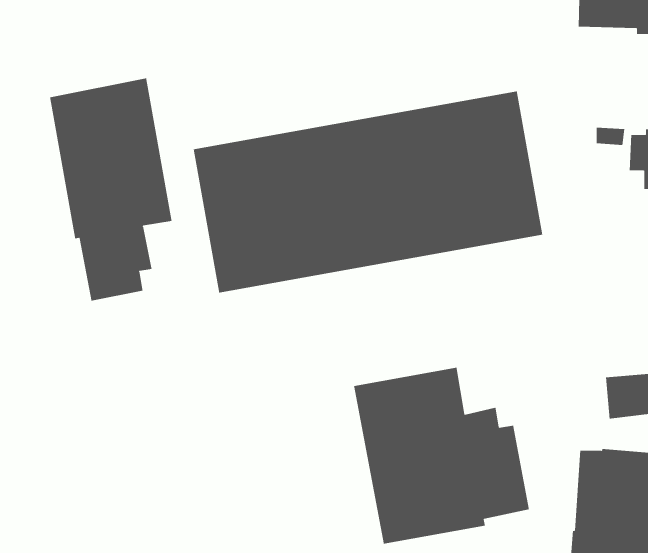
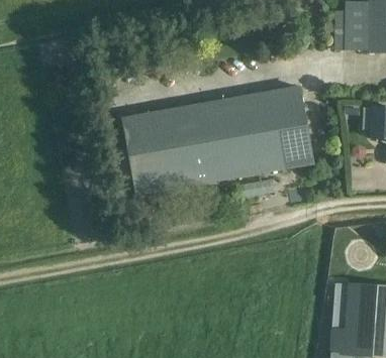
building: [49,77,172,302] -> none
building: [353,367,529,544] -> none

